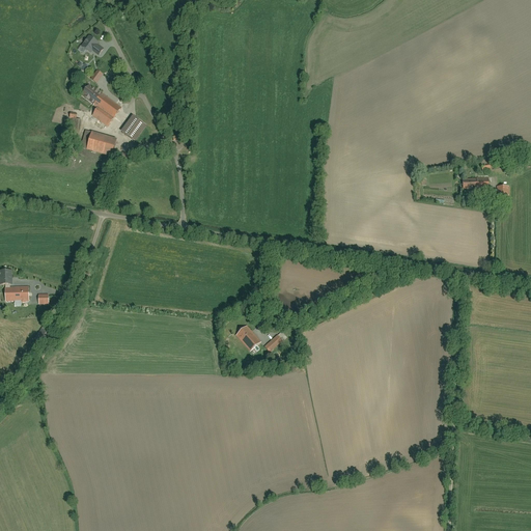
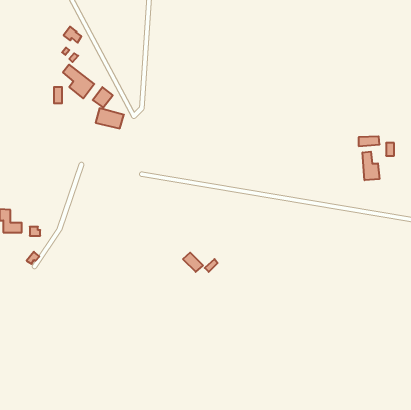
building: [79,128,115,153] -> [96,108,124,128]
building: none -> [363,152,379,180]

